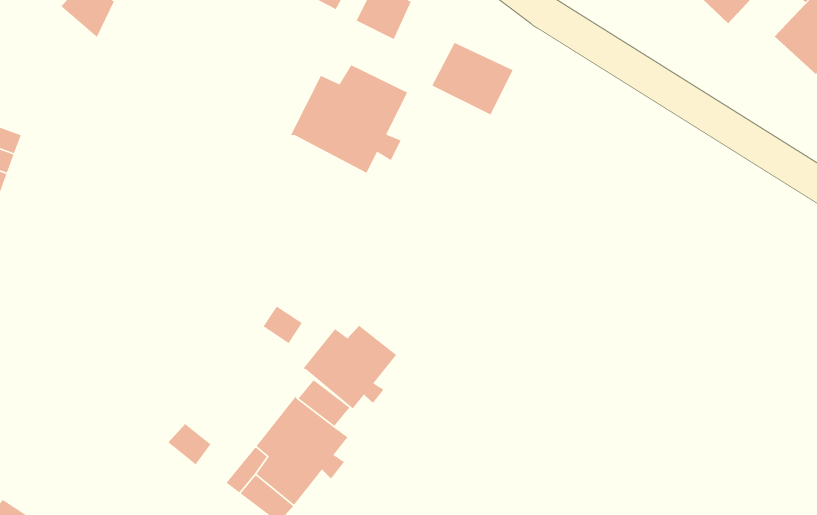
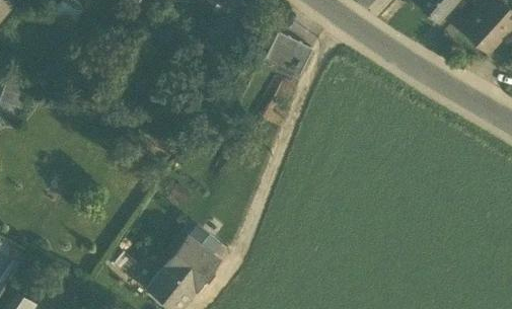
building: [290,64,408,174] -> none
building: [302,325,397,410] -> none

